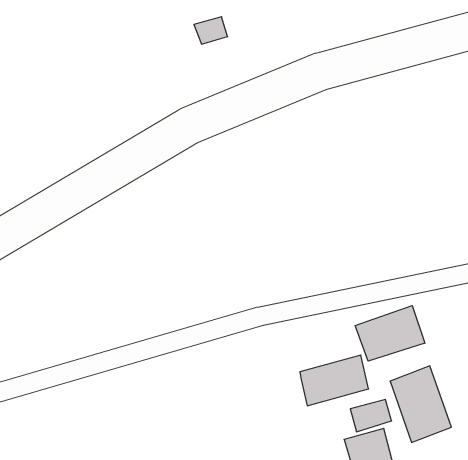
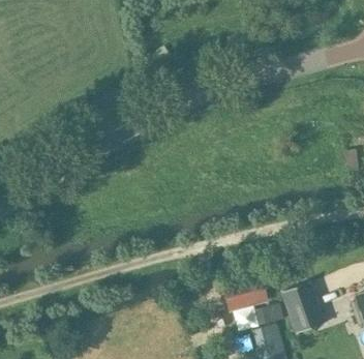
building: [355,306,425,361] -> none

